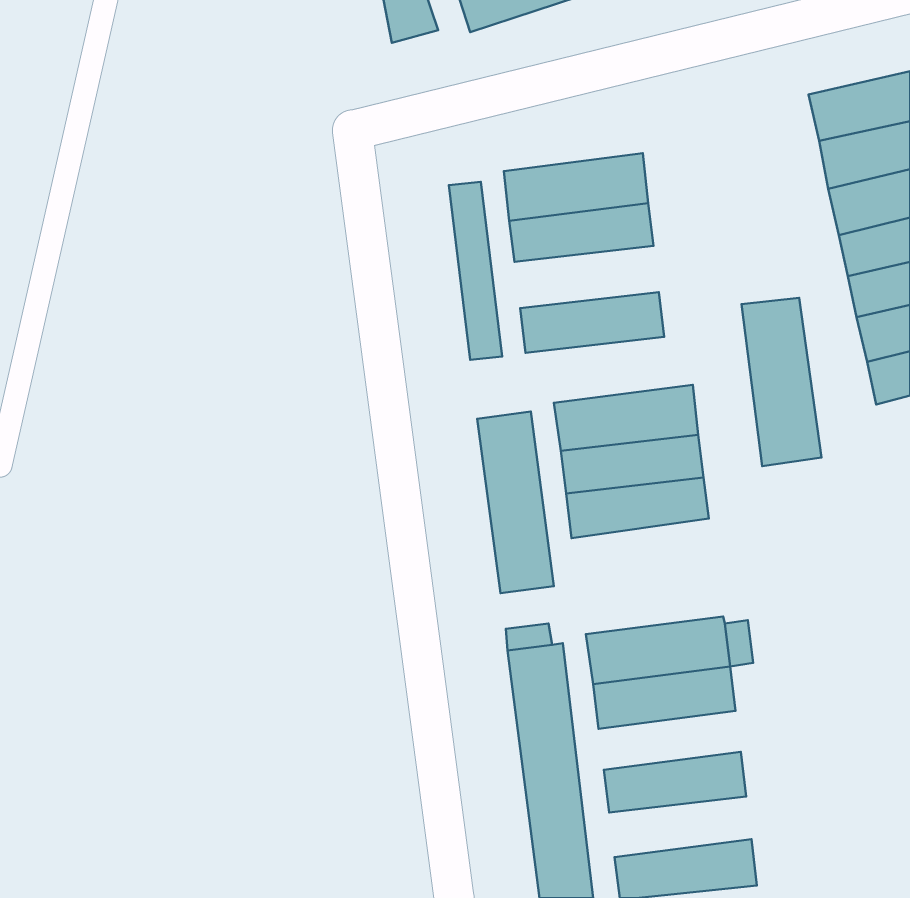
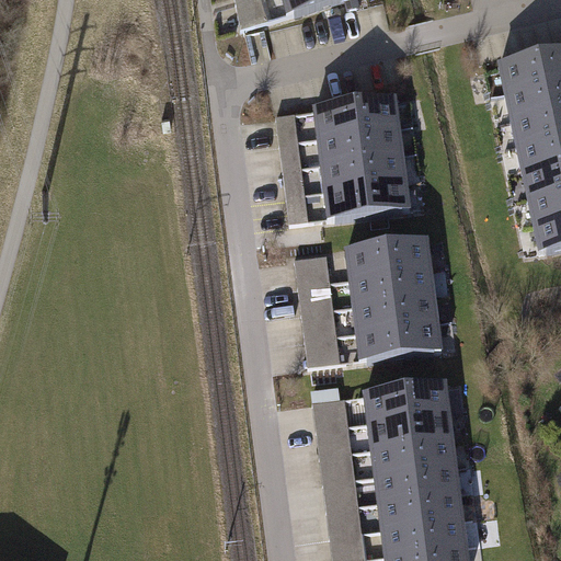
building: none -> [317,151,405,190]
building: [741,298,821,466] -> none
building: none -> [352,319,440,358]
building: none -> [368,437,456,473]
building: none -> [375,490,462,527]

